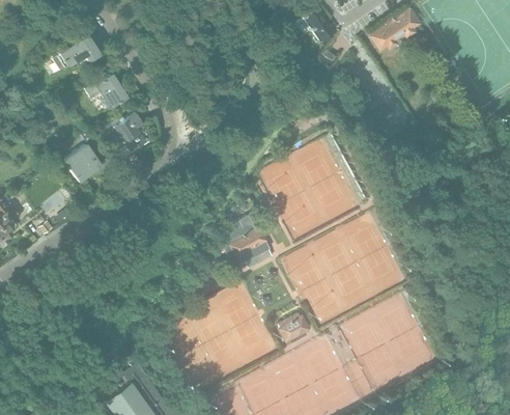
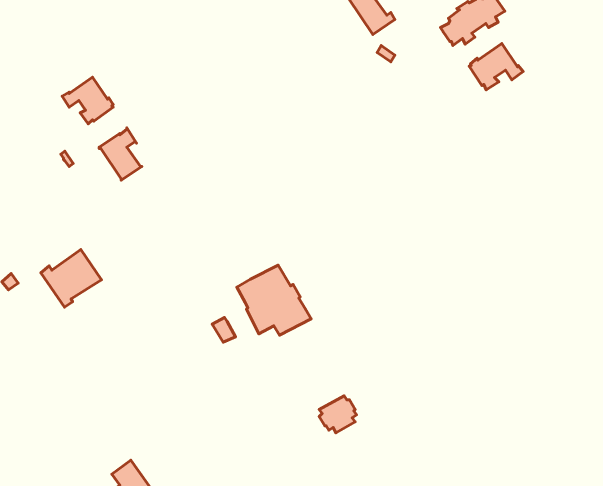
building: [55,33,97,70] -> none
building: none -> [469,44,523,90]
building: [58,143,104,187] -> [41,249,101,307]

